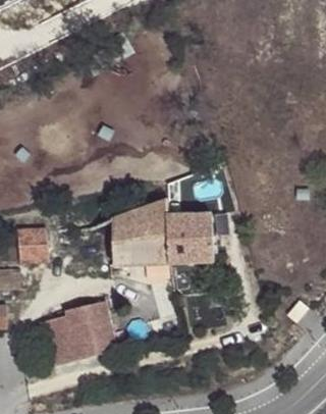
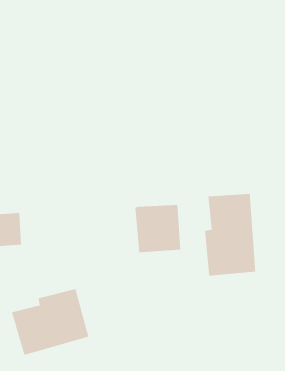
building: [110,198,169,267] -> none
building: none -> [205,193,256,277]

